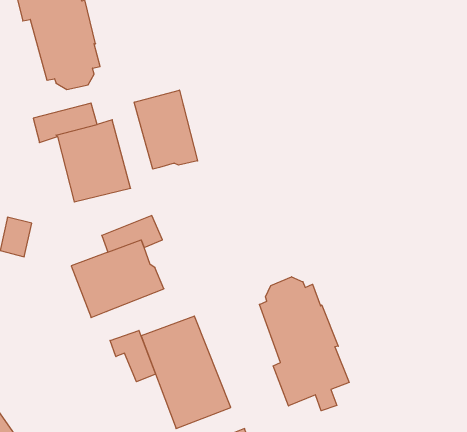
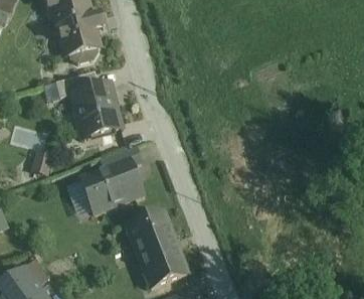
building: [134,90,198,169] -> none
building: [259,277,349,411] -> none
building: [110,330,156,382] -> none

